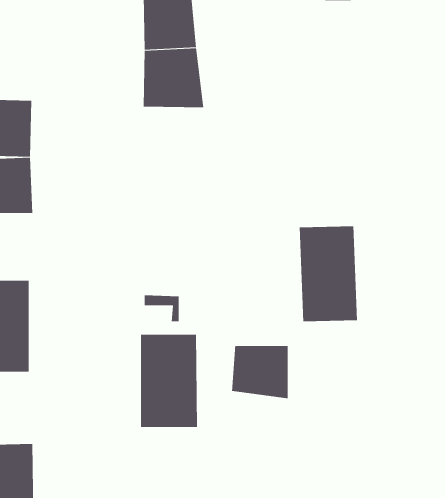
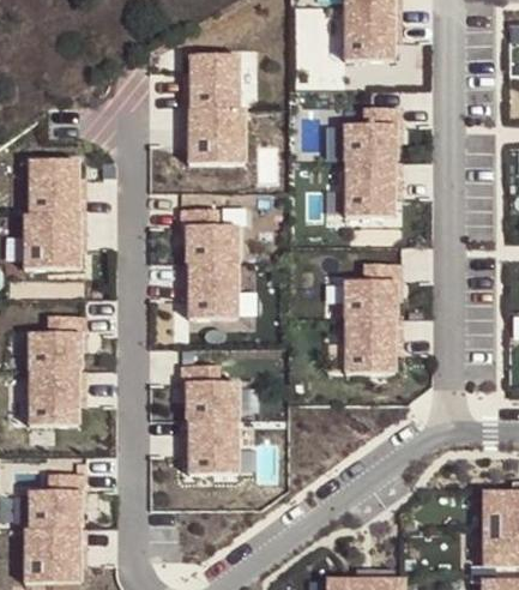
building: none -> [338,120,398,215]
building: none -> [181,223,240,317]
building: [231,345,288,399] -> none

